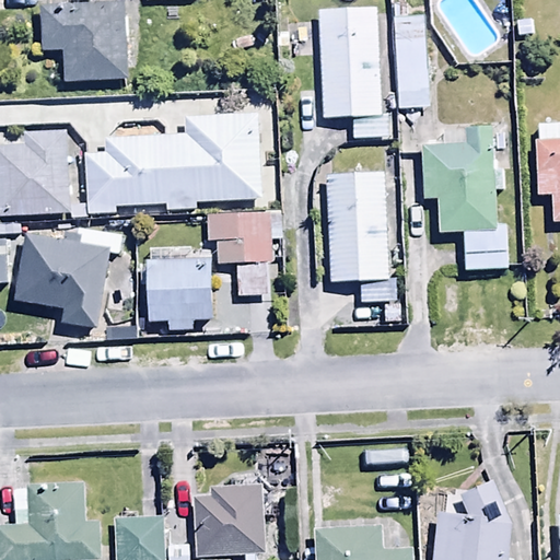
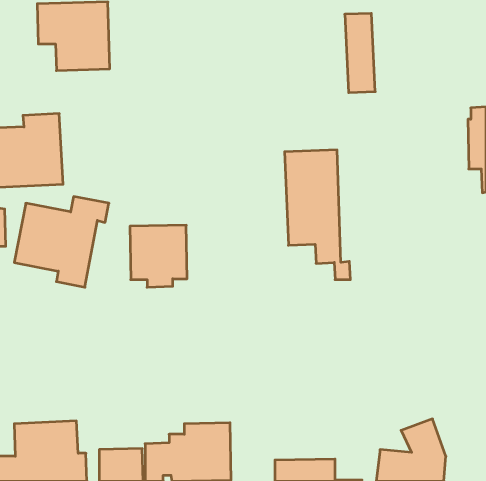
building: [319,10,389,139] -> none
building: [82,112,262,214] -> none
building: [422,128,506,269] -> none
building: [206,212,283,295] -> none

